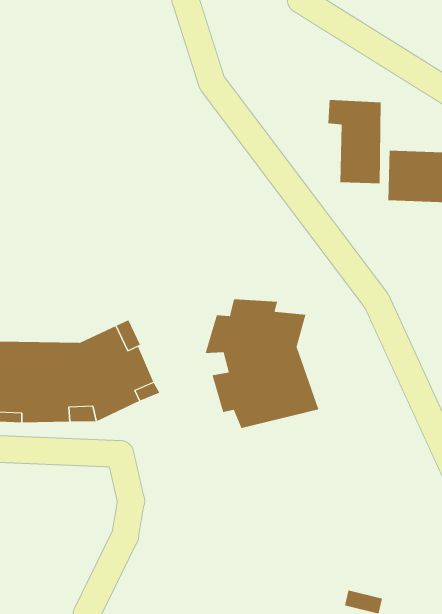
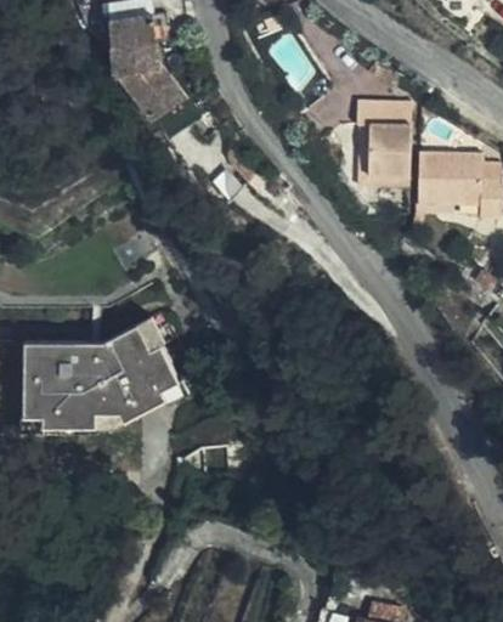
building: none -> [113,10,188,118]
building: [205,298,319,429] -> none

